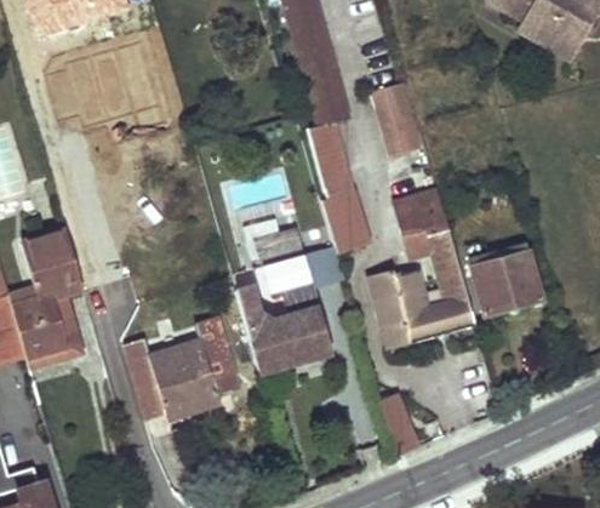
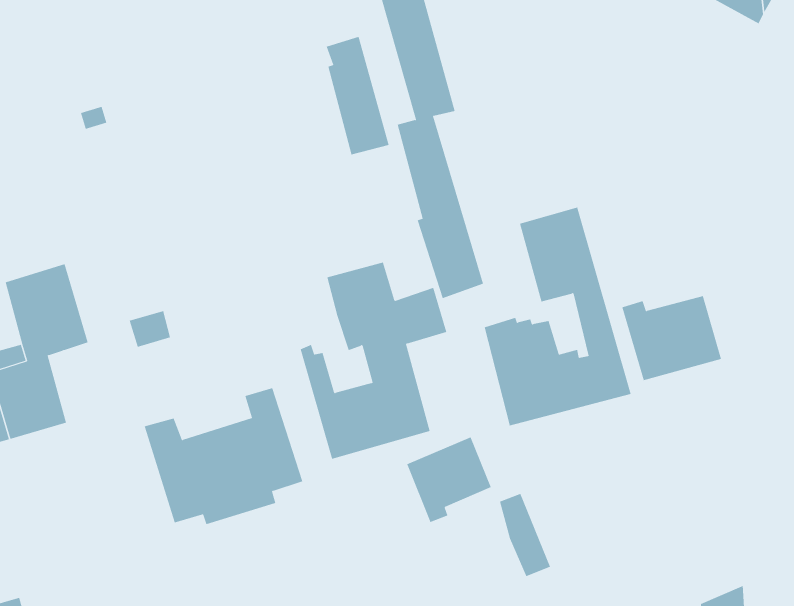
building: [373,70,419,156] -> [326,36,389,155]
building: [27,293,82,367] -> none
building: none -> [406,437,492,523]

